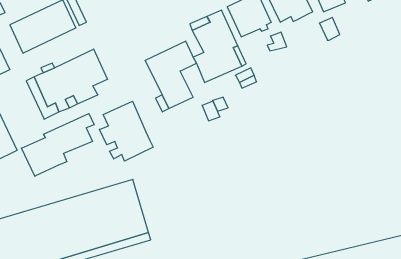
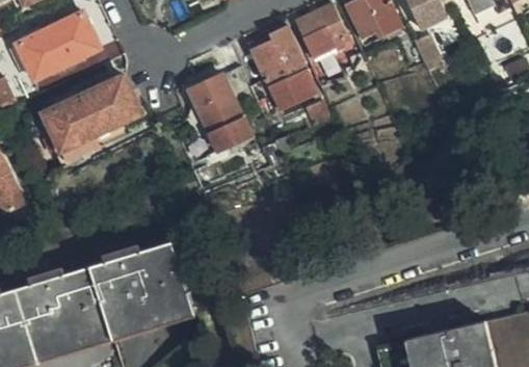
building: [99,101,153,161] -> none
building: [21,114,94,176] -> none

